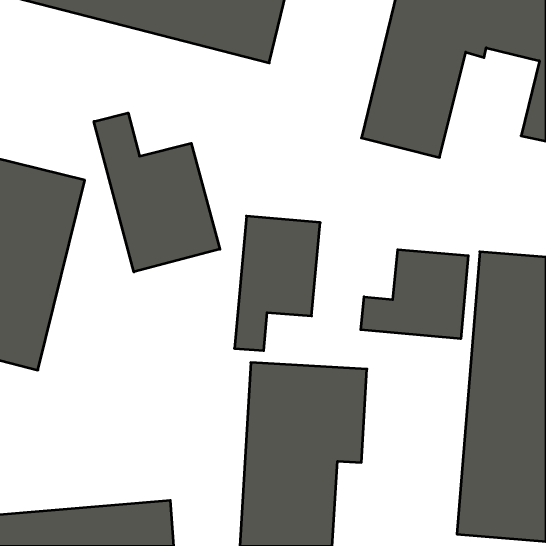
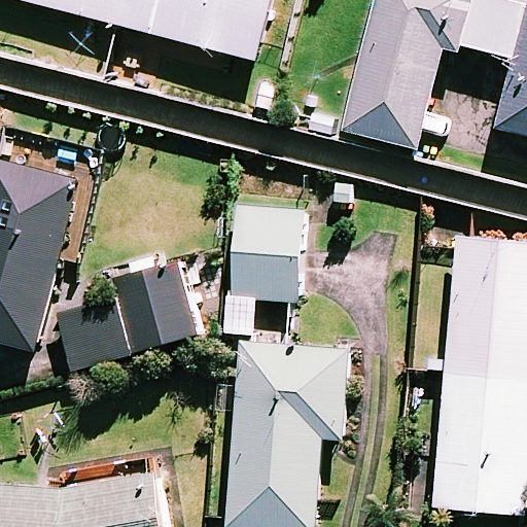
building: [94,113,220,272] -> none
building: [361,250,468,339] -> none
building: none -> [54,261,197,368]

